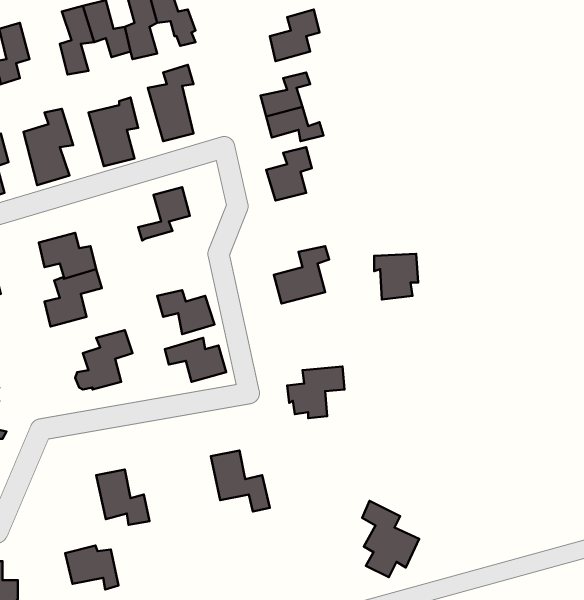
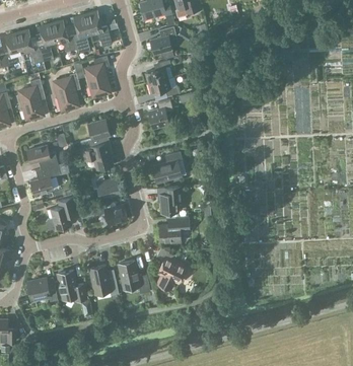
building: none -> [17,29,43,63]
building: none -> [83,143,112,166]
building: [374,254,418,300] -> [157,186,181,210]
building: none -> [89,265,119,294]
building: [362,501,419,577] -> [156,246,187,287]
building: [65,546,118,589] -> [29,277,58,300]

